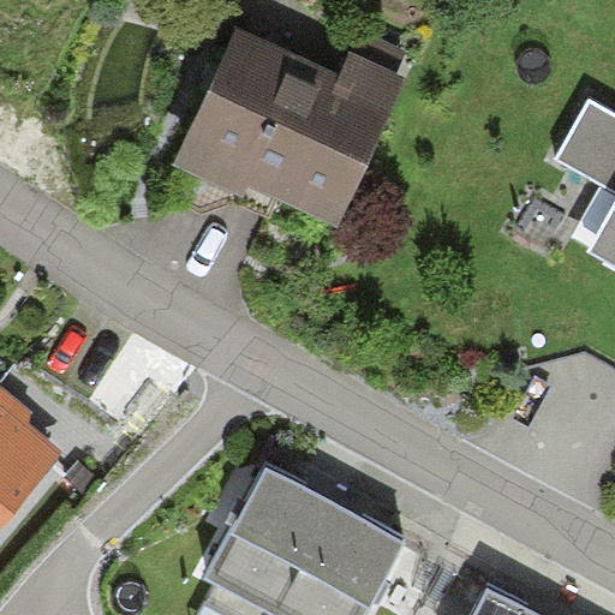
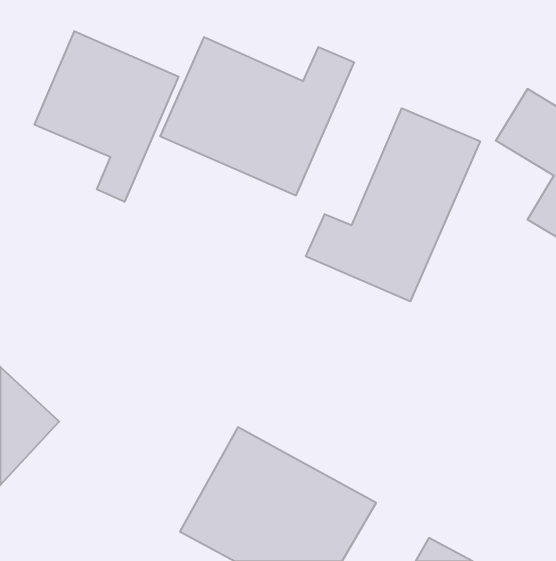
building: none -> [34,31,179,202]
building: none -> [306,108,480,301]

